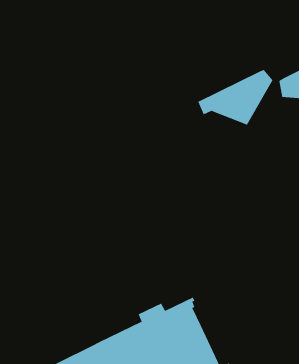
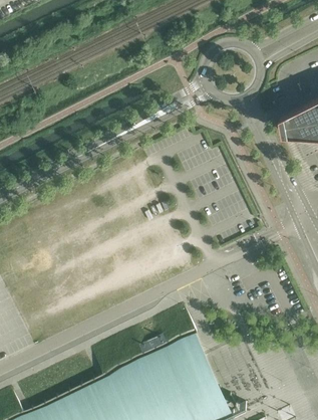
building: [197,69,273,125] -> none

